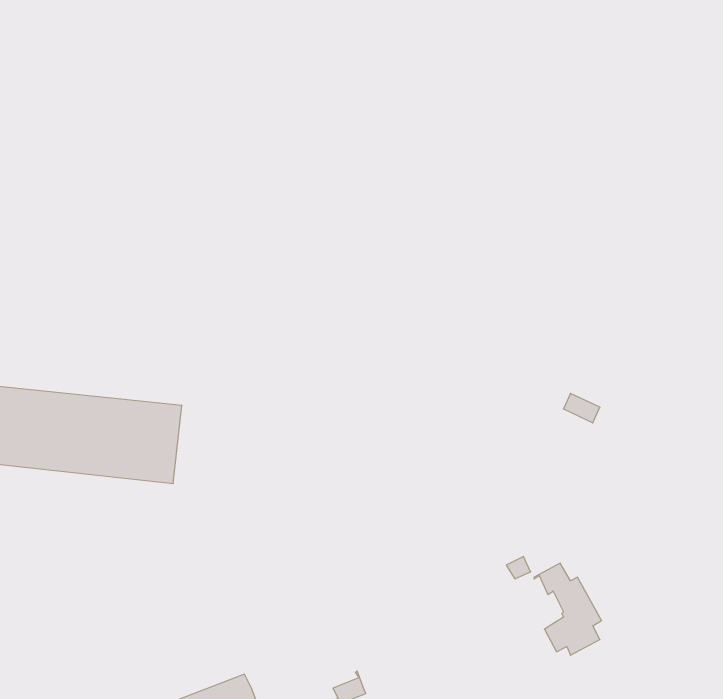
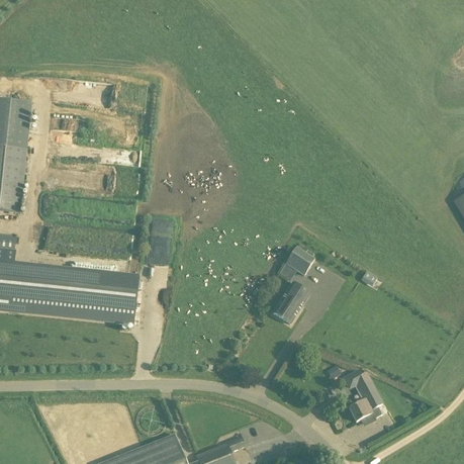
building: none -> [285,246,315,275]
building: none -> [273,282,309,322]

